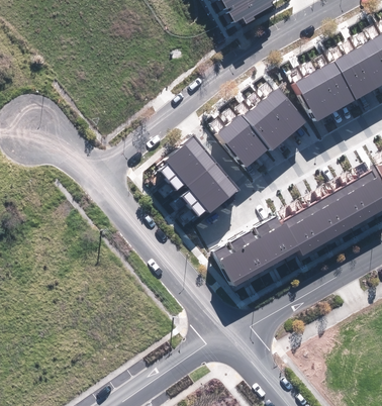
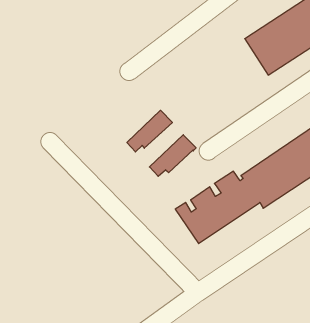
building: [217,87,306,168] -> none
building: [161,134,205,180] -> none
building: [182,163,226,206] -> none

